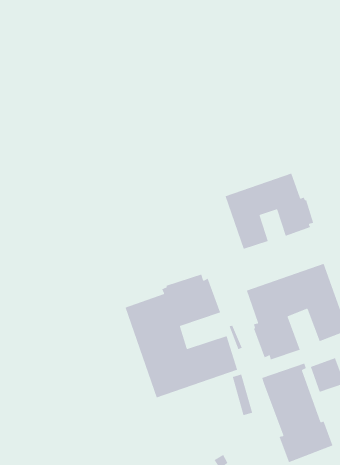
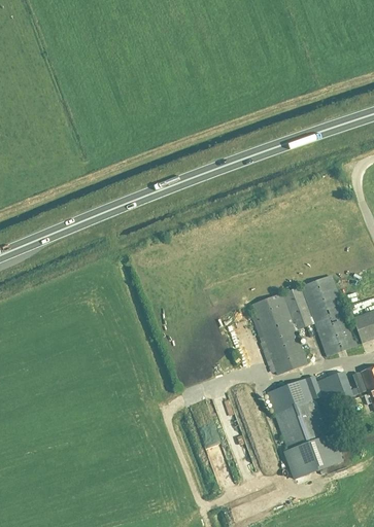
building: [225,172,314,250] -> none
building: [124,274,238,398] -> none

